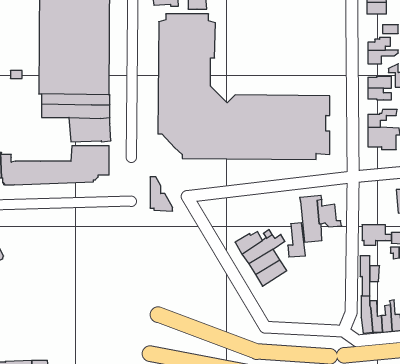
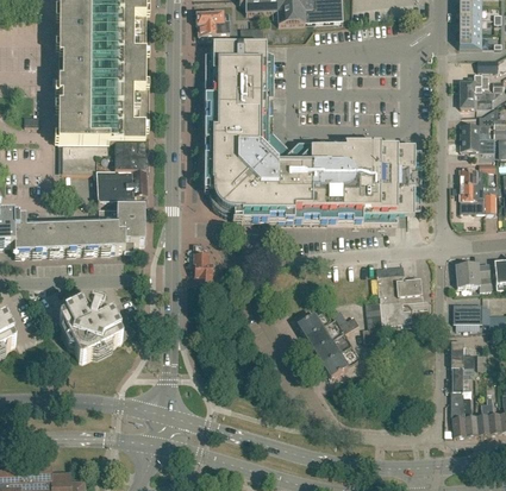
building: none -> [455,260,491,289]
building: none -> [58,304,123,360]

